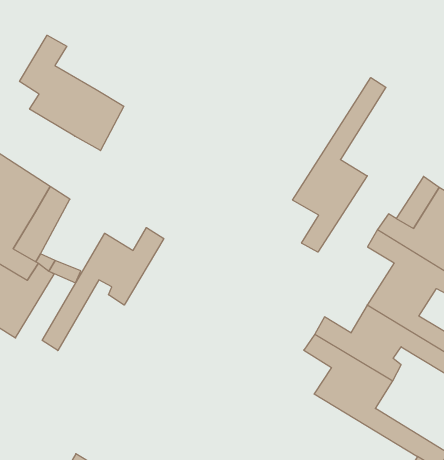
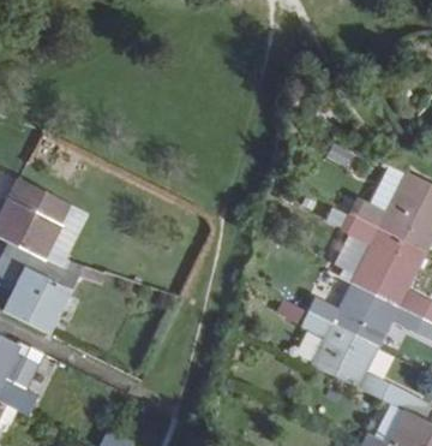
building: [20,35,124,151] -> none
building: [293,78,386,252] -> none
building: [42,228,164,351] -> none

